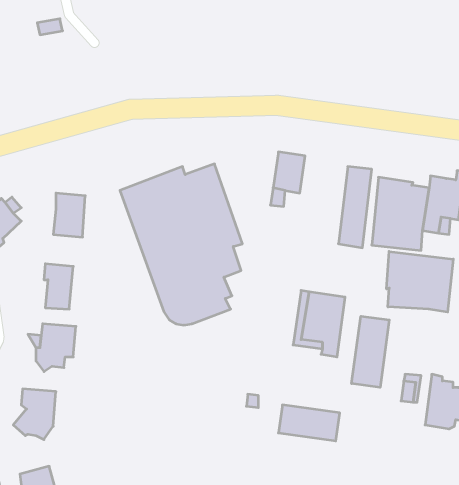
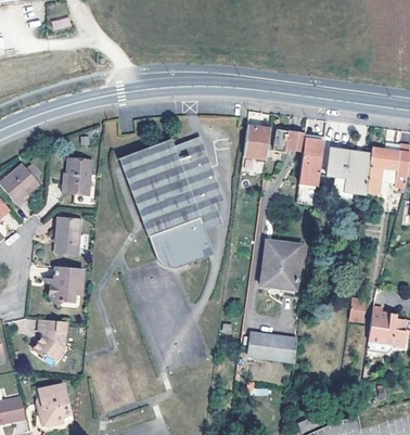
building: none -> [274,128,303,152]
building: [387,251,453,312] -> none
building: [352,316,389,387] -> none

